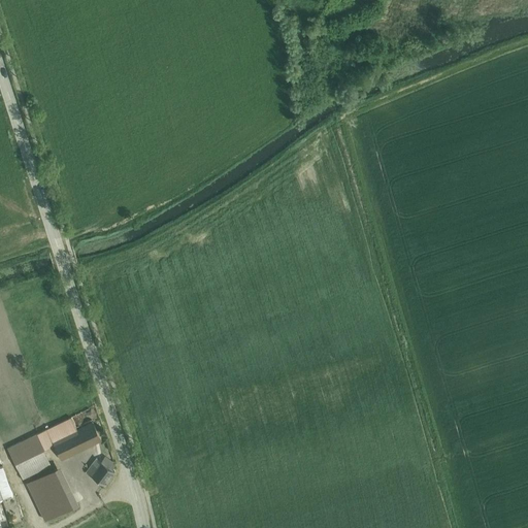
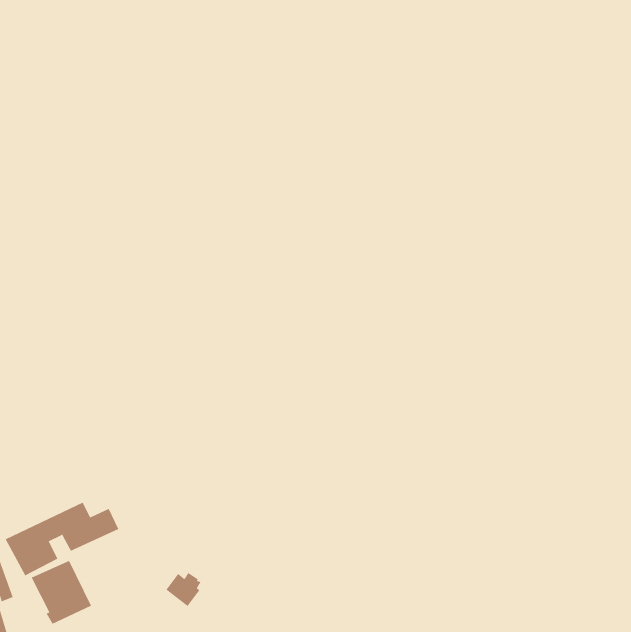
building: [84,458,113,487] -> [165,572,201,607]

